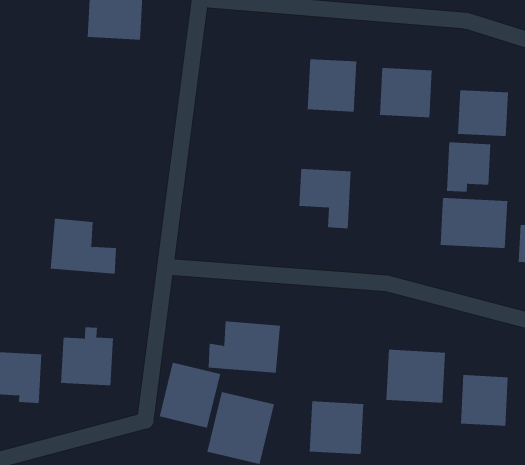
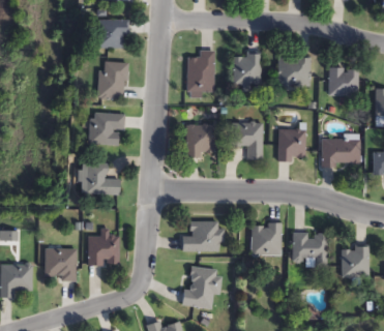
building: none -> [186,50,214,93]
building: none -> [96,61,124,97]
building: none -> [86,112,121,144]
building: [446,142,491,192] -> [278,129,305,160]
building: none -> [184,125,217,156]
building: [159,362,221,428] -> none
building: [309,401,364,455] -> [249,222,283,254]

